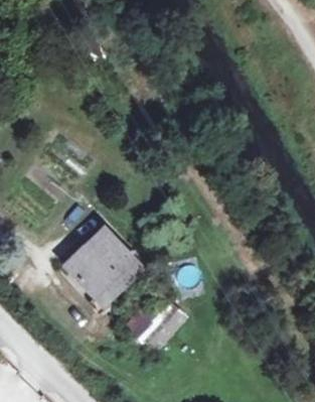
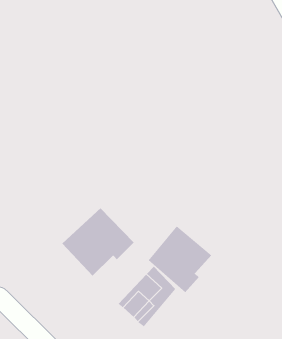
building: none -> [148,225,212,293]

